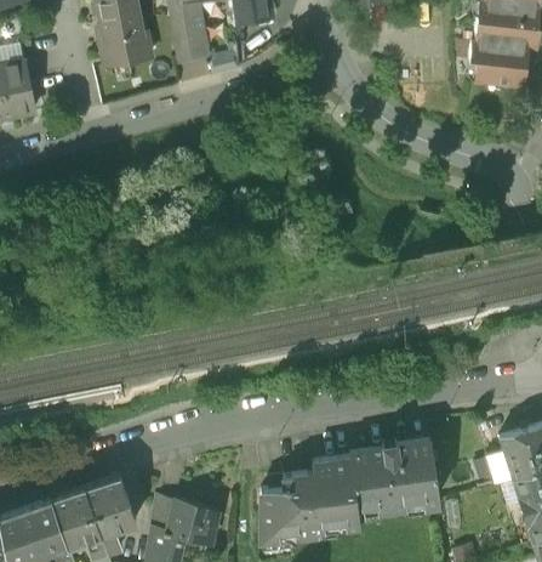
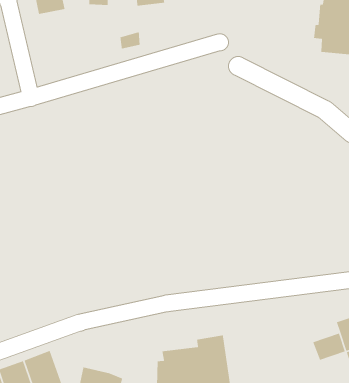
building: [171,17,207,62] -> none
building: [99,23,153,86] -> none
building: [350,437,440,515] -> none

